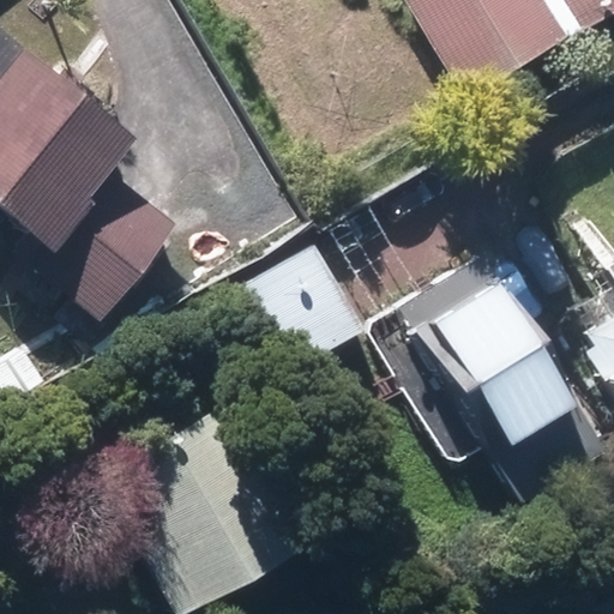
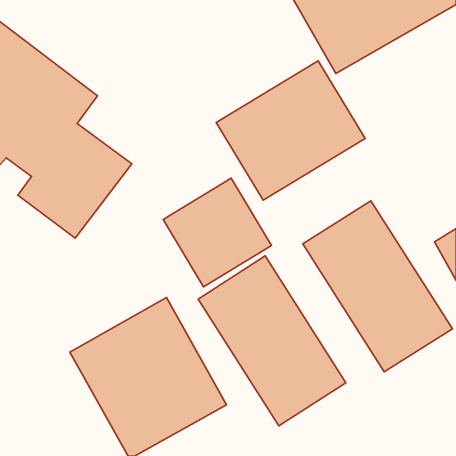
building: none -> [216,61,365,200]
building: none -> [198,256,346,426]

